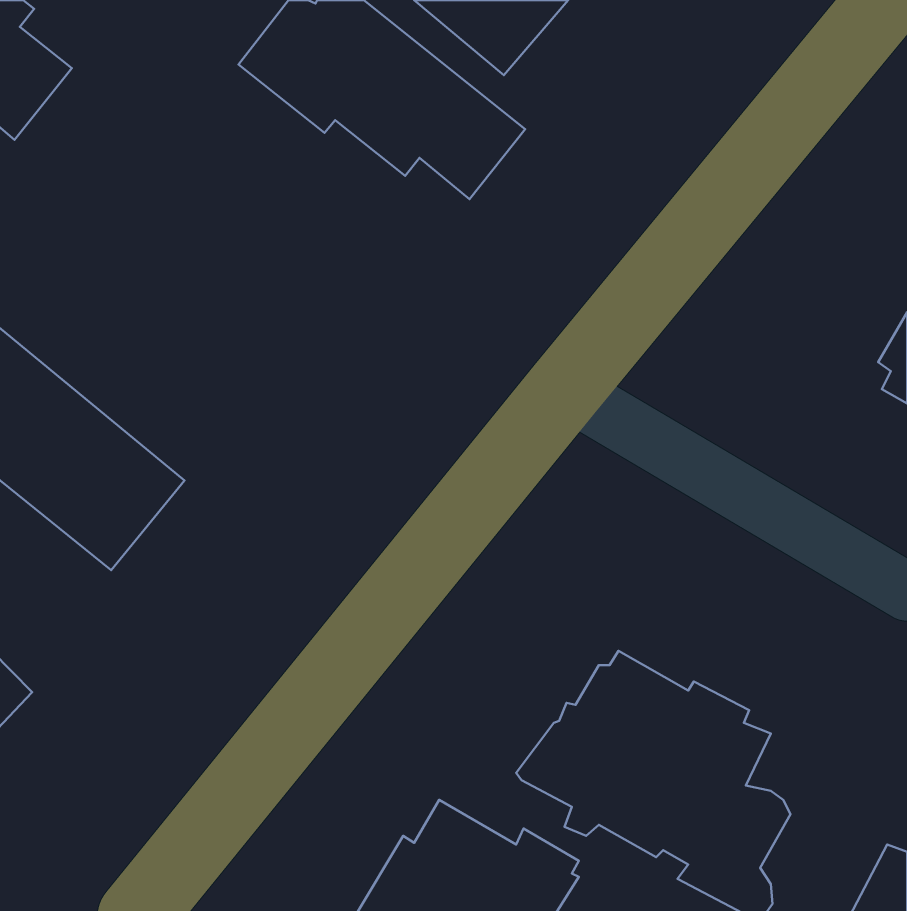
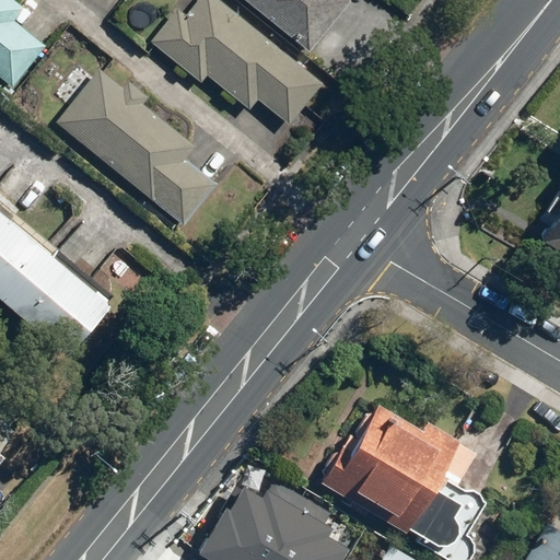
building: none -> [56,71,214,224]

